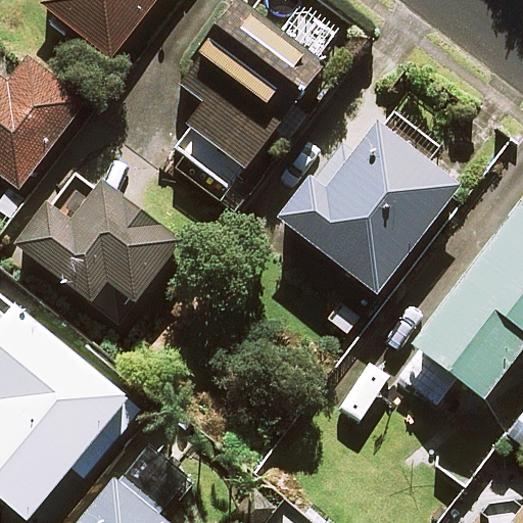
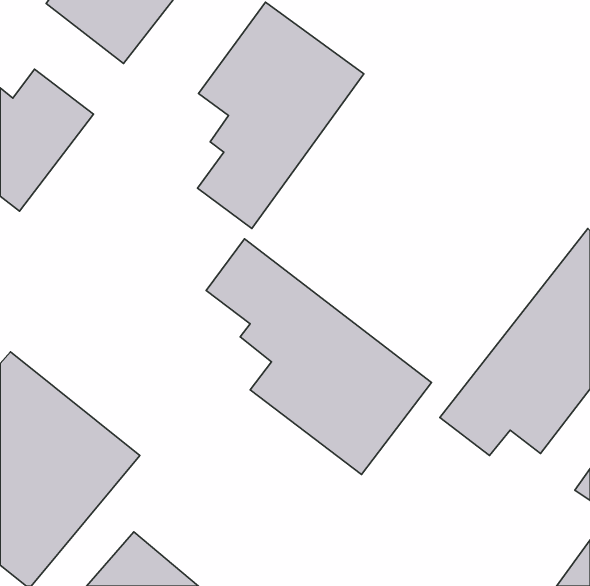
building: [279,118,459,292] -> none
building: [18,179,181,323] -> none
building: none -> [206,239,432,475]

